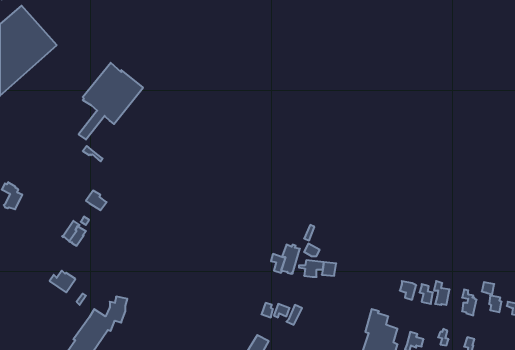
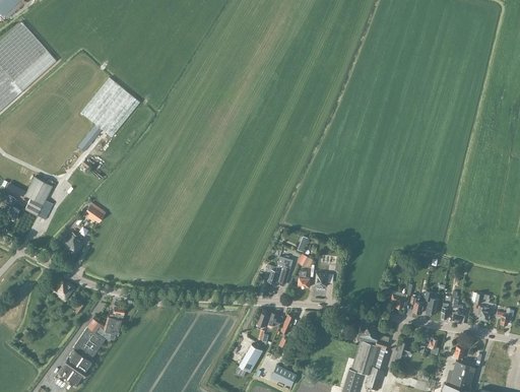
building: none -> [24,176,53,220]

